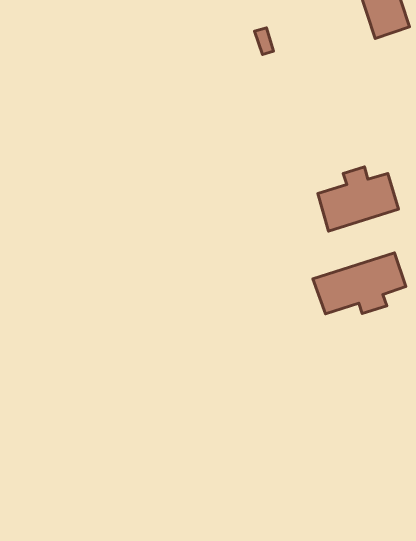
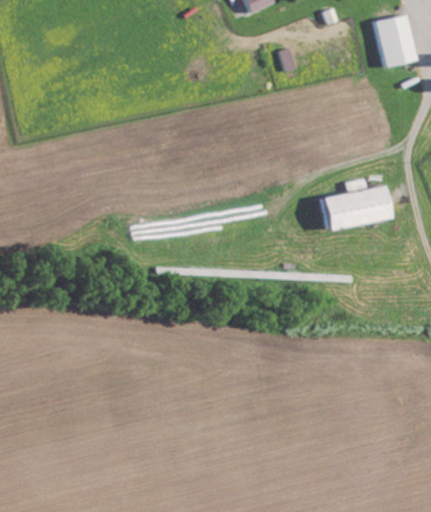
building: [313,253,406,314] -> none

